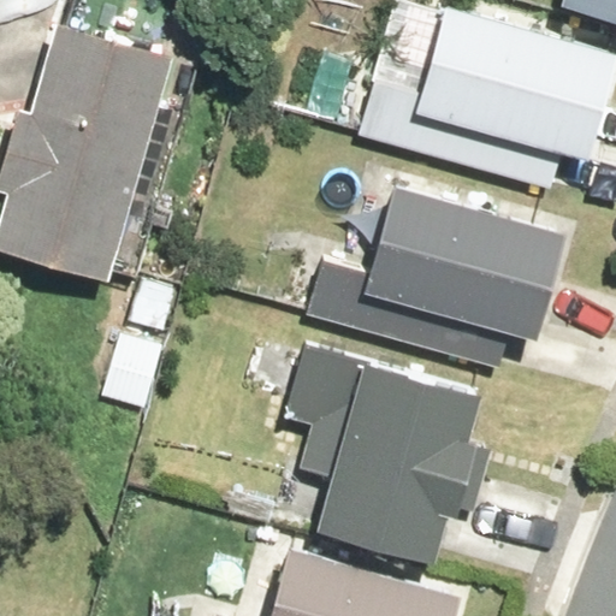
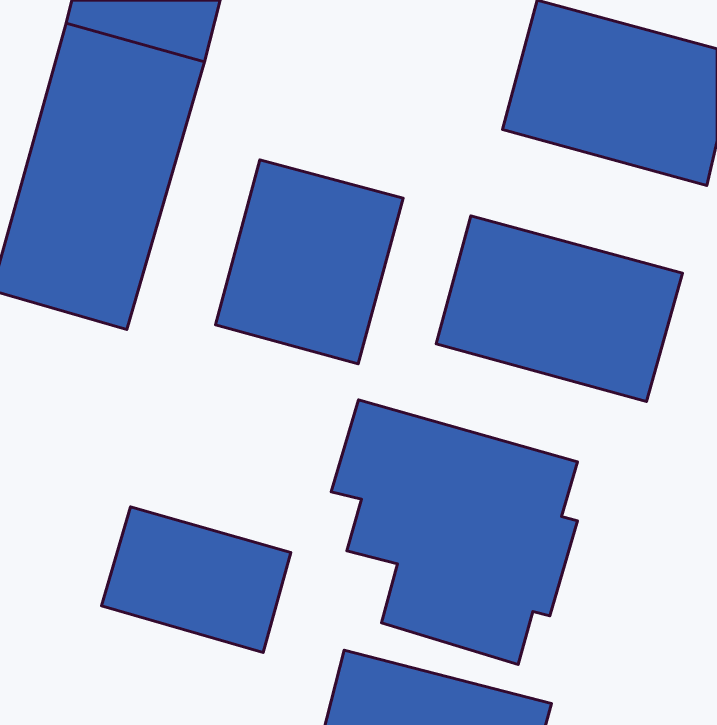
building: none -> [215,160,403,364]
building: none -> [102,507,291,652]

